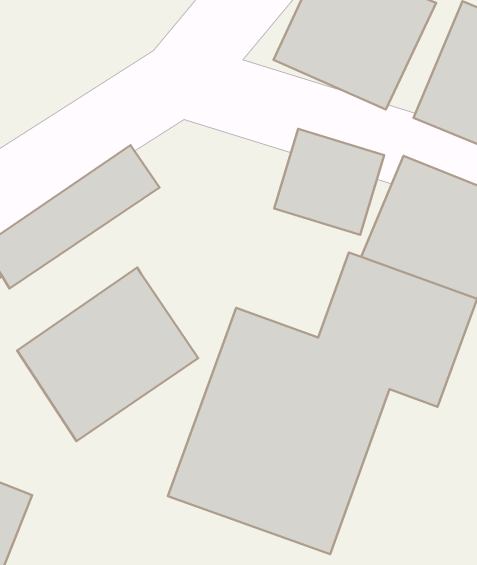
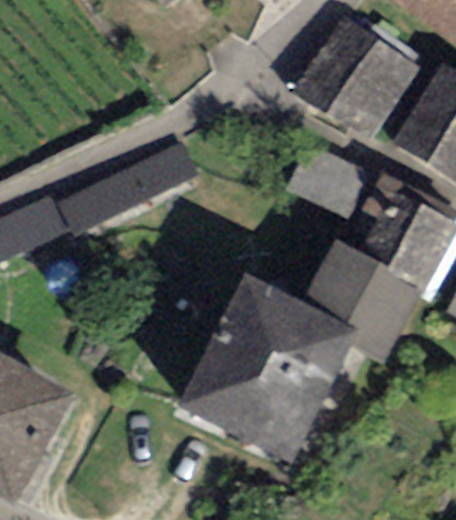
building: [17,268,198,441] -> none

